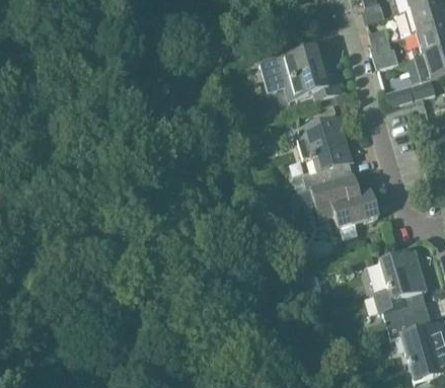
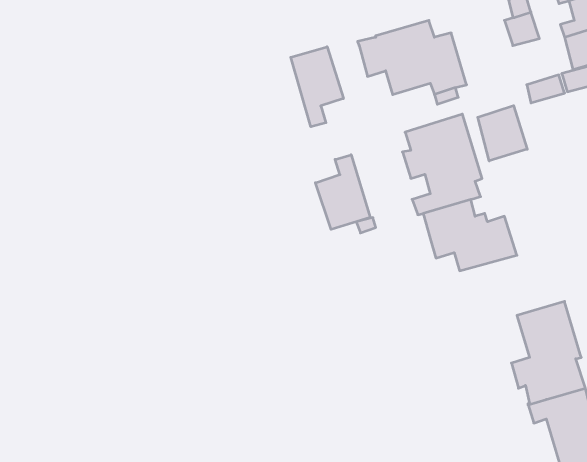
building: none -> [291,47,343,127]
building: none -> [478,106,527,161]
building: none -> [315,155,370,229]

